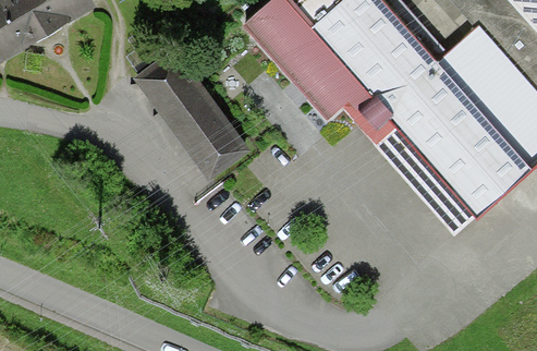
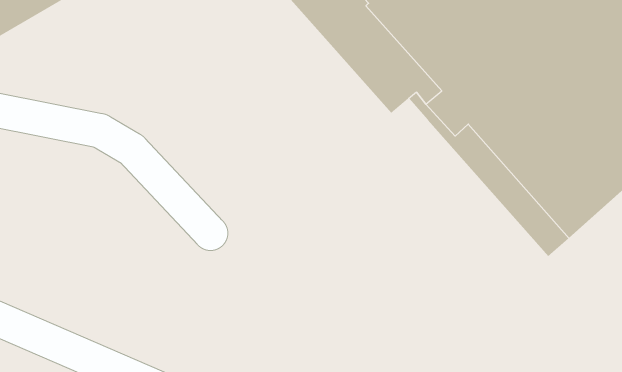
building: [136,45,246,178] -> none

